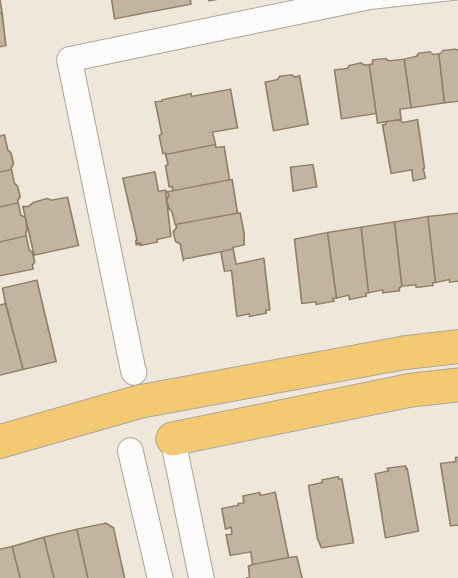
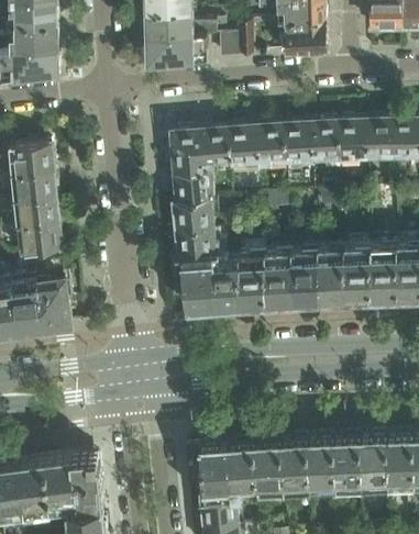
building: none -> [229,125,258,166]
building: [383,119,426,181] -> [284,122,312,170]
building: [123,172,171,246] -> [181,254,213,310]
building: [23,197,79,255] -> none
building: none -> [239,251,265,304]
building: none -> [332,435,361,488]
building: none -> [280,437,309,491]
building: none -> [228,441,256,497]

